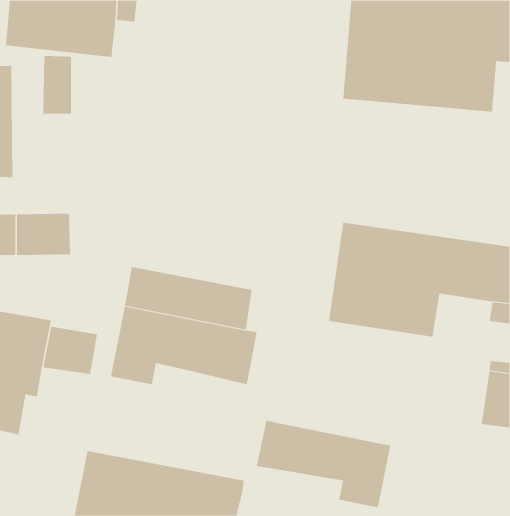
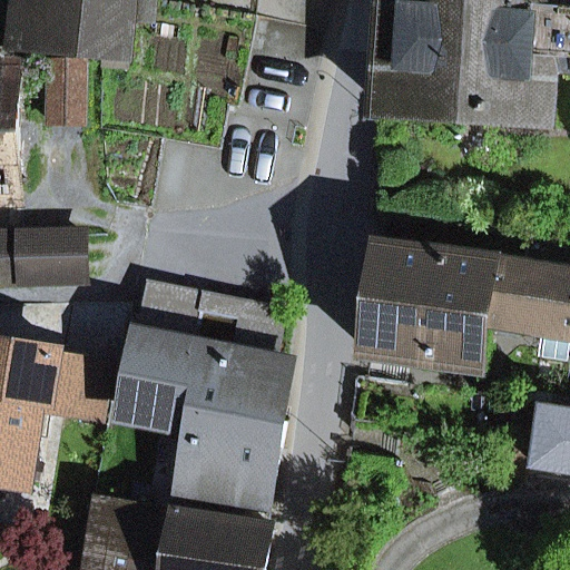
building: none -> [177,406,281,511]
building: [256,420,391,508] -> none

